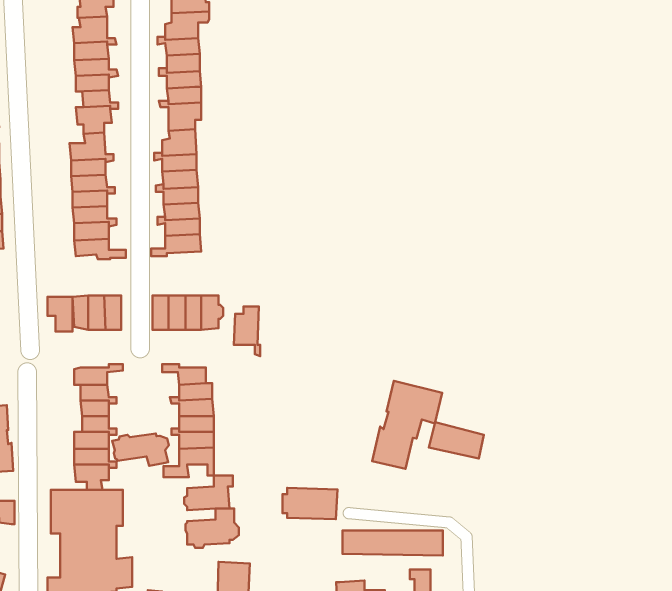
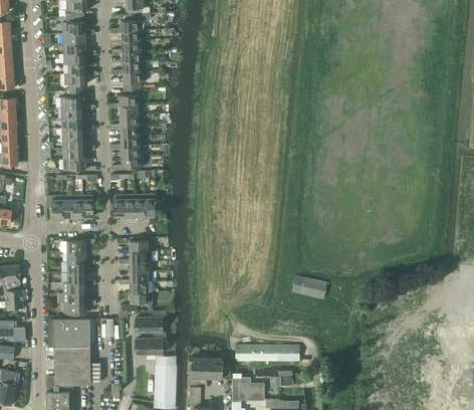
building: [234,306,260,356] -> none
building: [372,381,442,469] -> none
building: [112,434,169,466] -> none
building: [283,488,337,519] -> [188,358,223,378]

